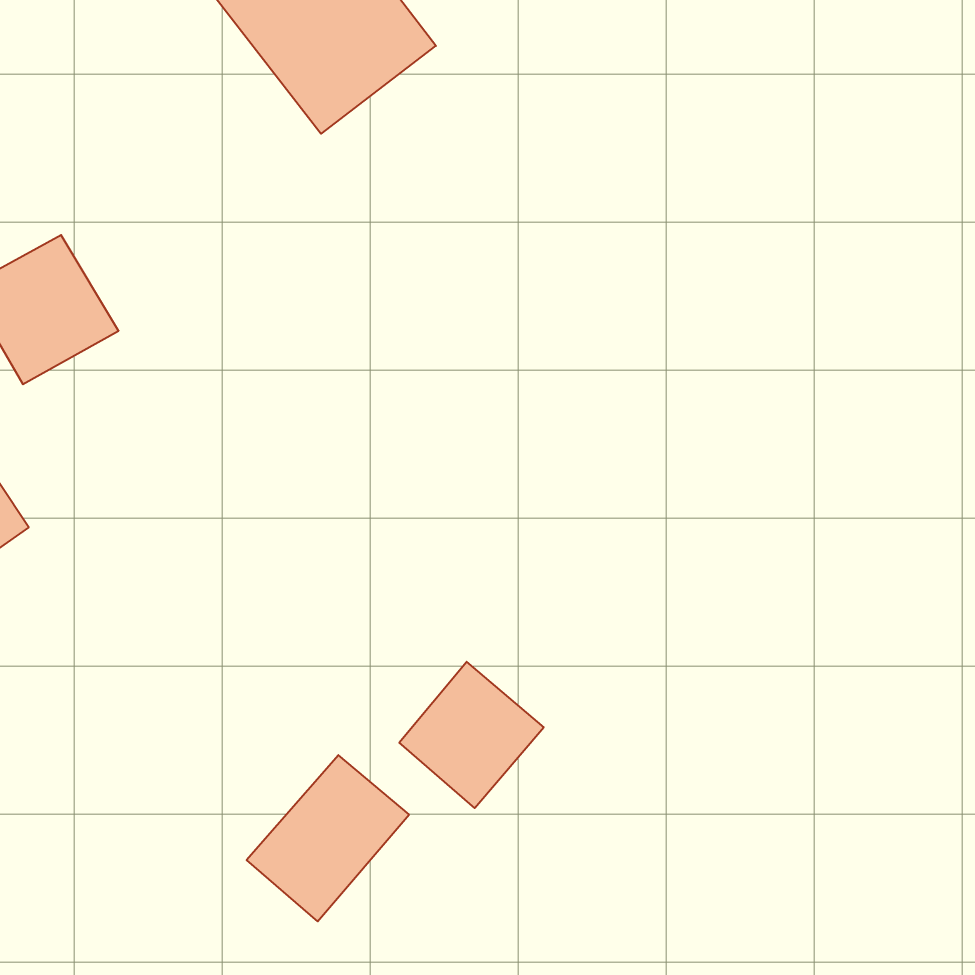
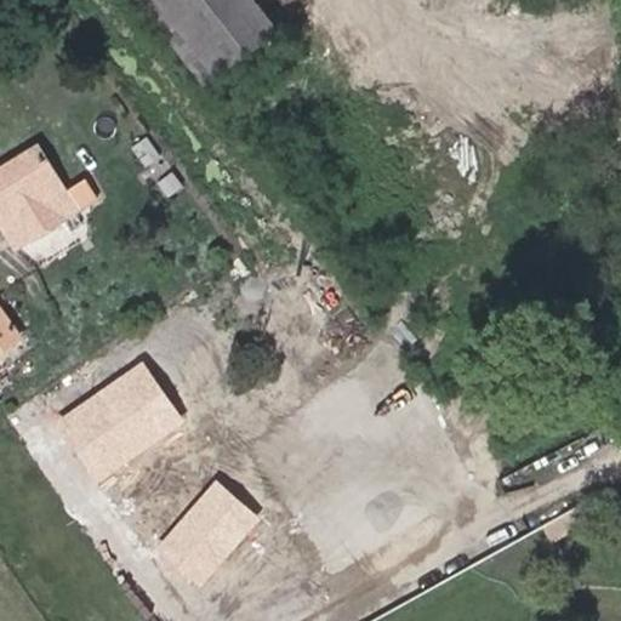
building: none -> [56,360,184,482]
building: [399,662,544,808] -> none

